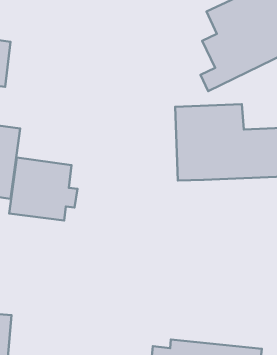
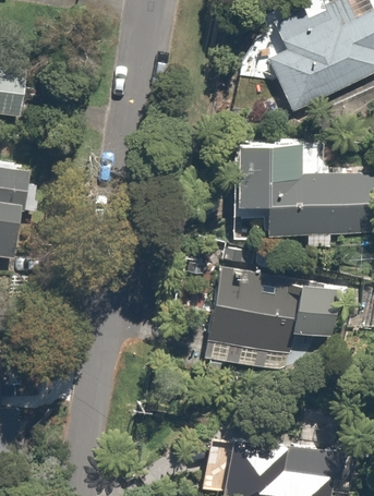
building: [9,158,77,220] -> none
building: none -> [203,265,353,373]

